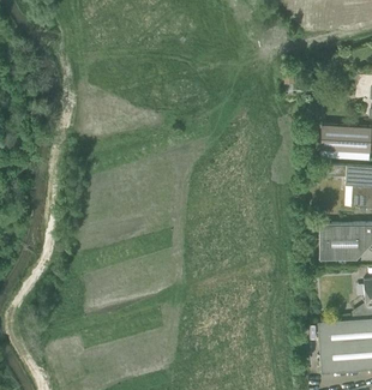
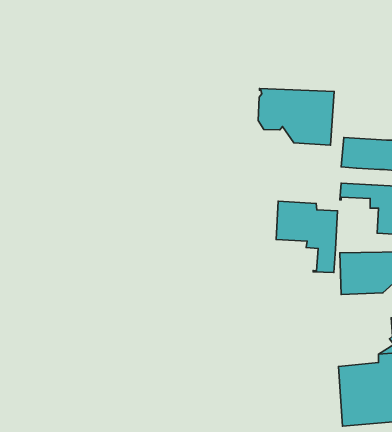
building: none -> [258,88,334,145]
building: none -> [276,201,338,272]

